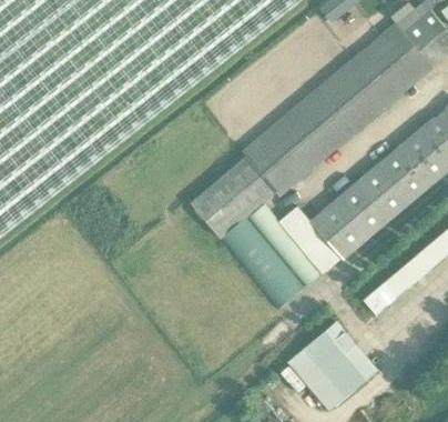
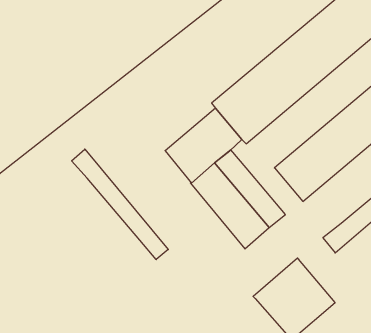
building: none -> [72,149,168,260]
building: [279,208,339,273] -> none

